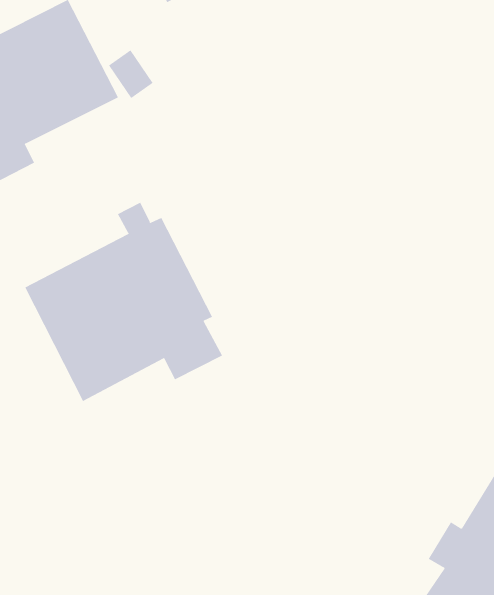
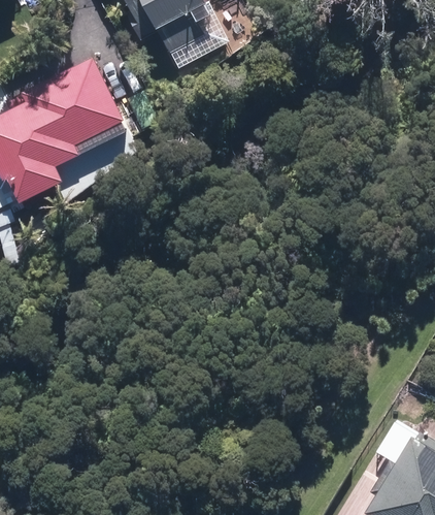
building: [24,202,223,402] -> none

